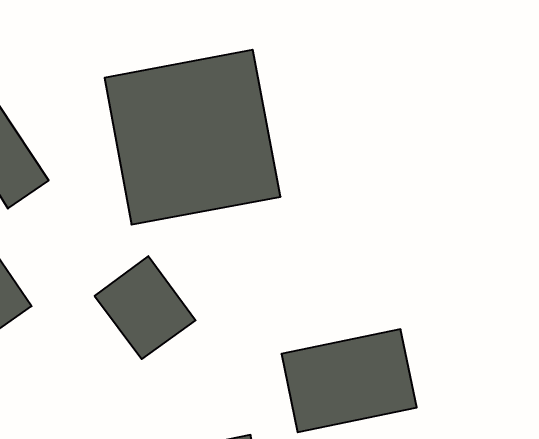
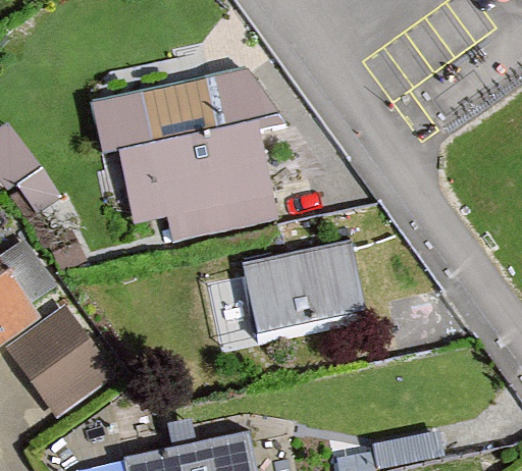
building: [95,256,196,359] -> [17,309,113,407]
building: [281,329,417,432] -> [233,244,362,342]

